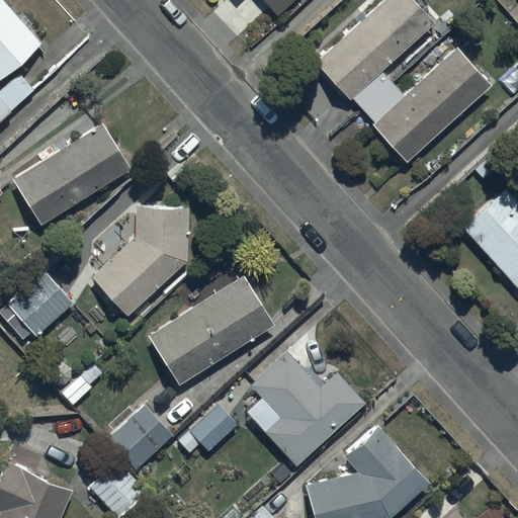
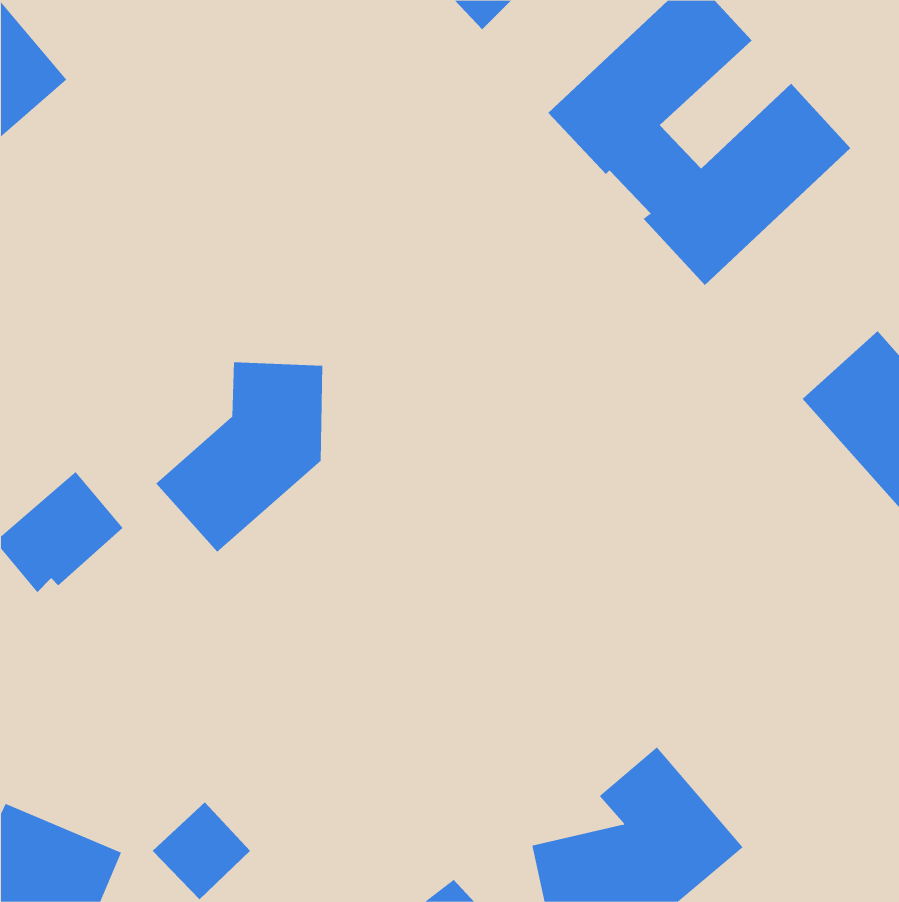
building: [12,124,130,226] -> none
building: [148,277,274,385] -> none
building: [250,352,365,466] -> none
building: [107,403,173,468] -> none
building: [178,403,237,452] -> none

